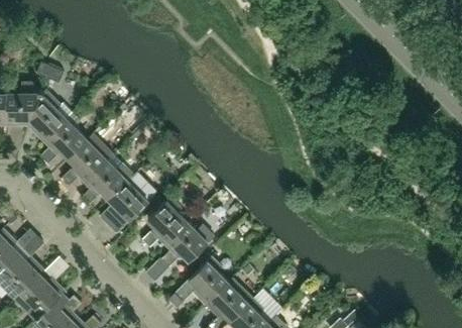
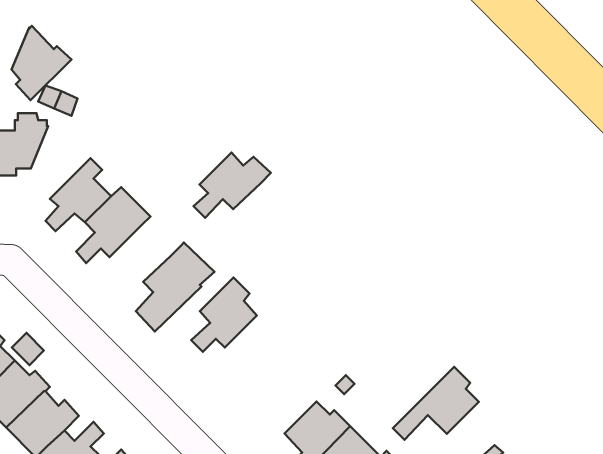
building: [30,90,72,141] -> [12,26,71,100]
building: [81,159,134,205] -> [194,152,271,218]
building: [161,222,214,266] -> none
building: [168,257,228,308] -> [393,367,479,440]

